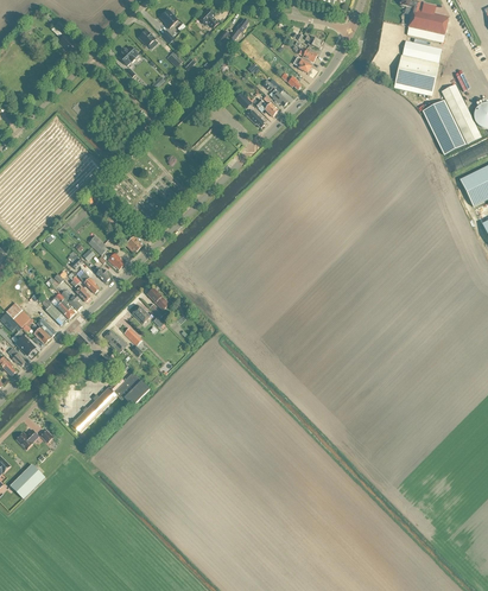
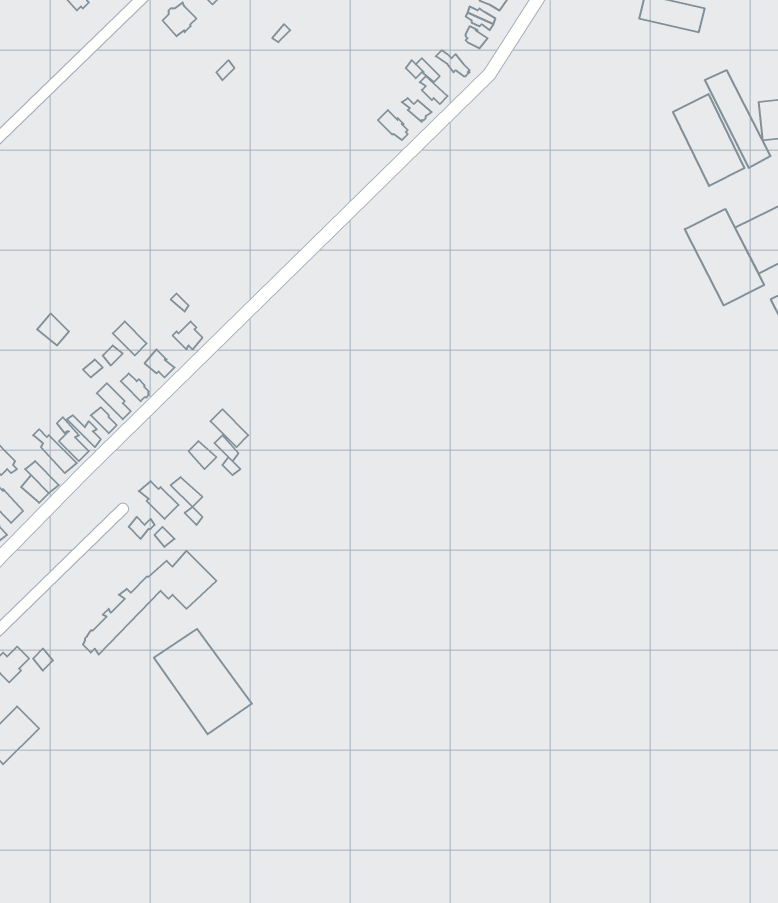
building: [394,53,439,95] -> none
building: none -> [685,209,764,305]
building: none -> [154,629,252,734]

